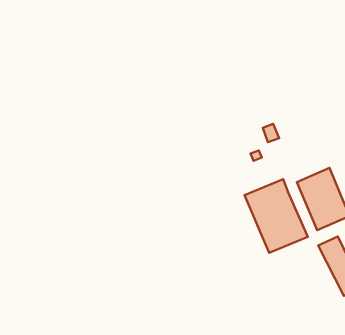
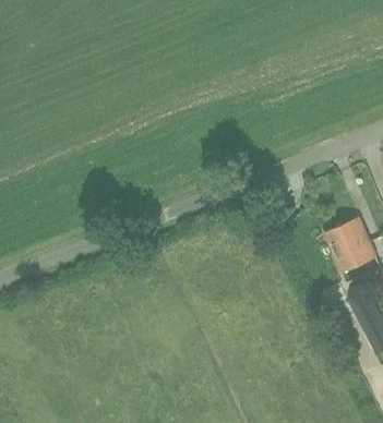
building: [245,179,308,253] -> none

